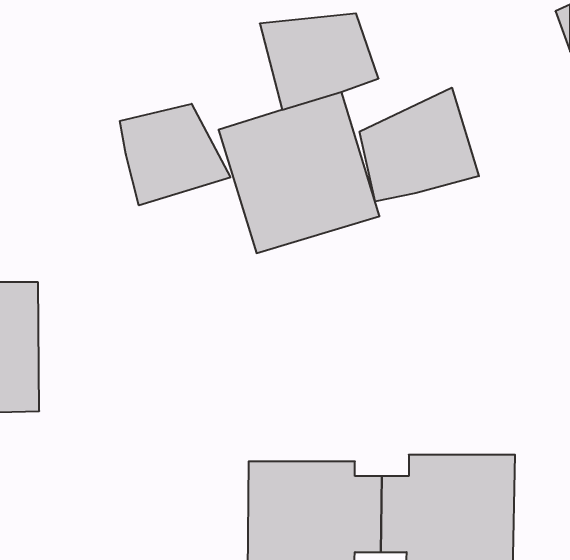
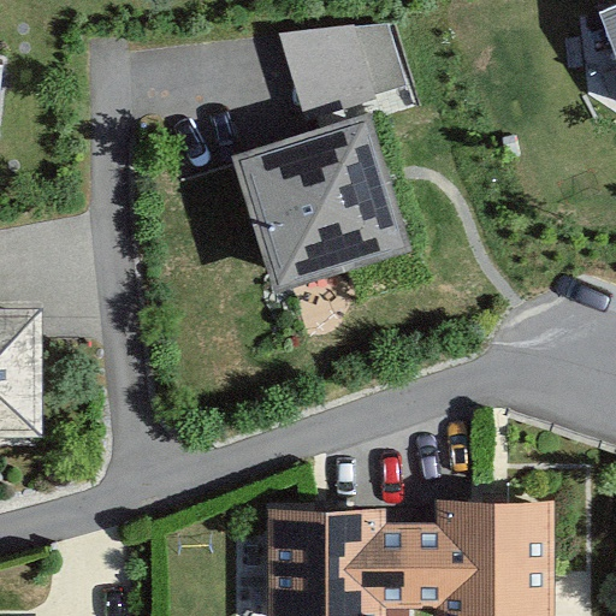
building: [360,88,479,201] -> none
building: [120,104,230,205] -> none

